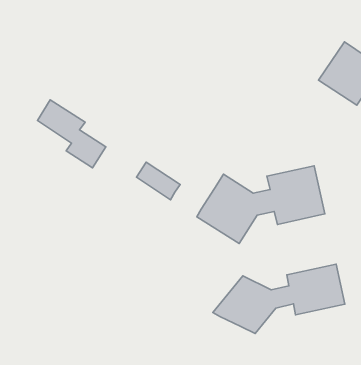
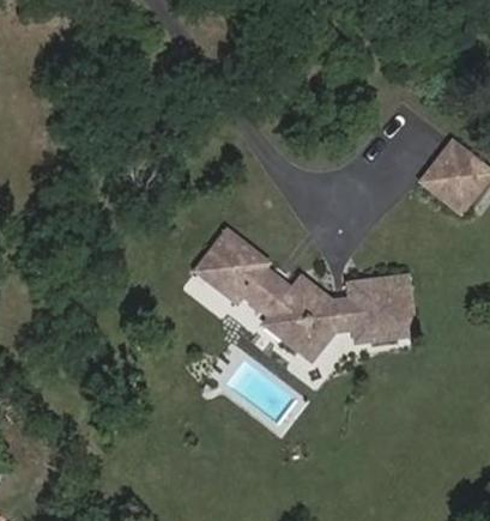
building: [38,100,106,168] -> [211,234,288,317]
building: [213,264,345,334] -> none

